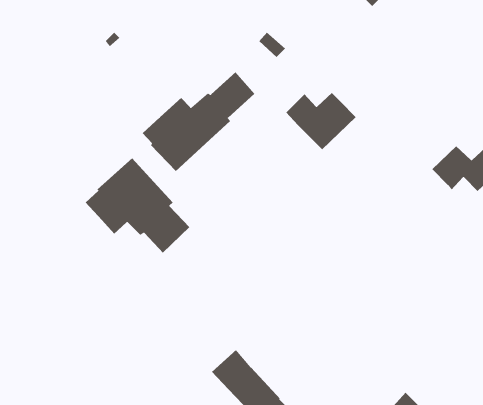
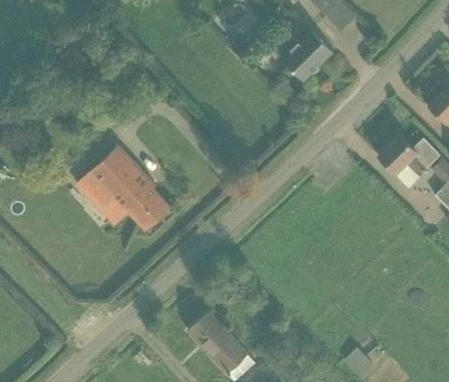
building: [142,71,255,172] -> none
building: [286,92,357,150] -> [271,31,332,81]

